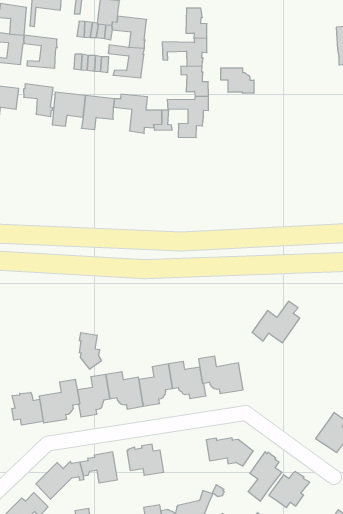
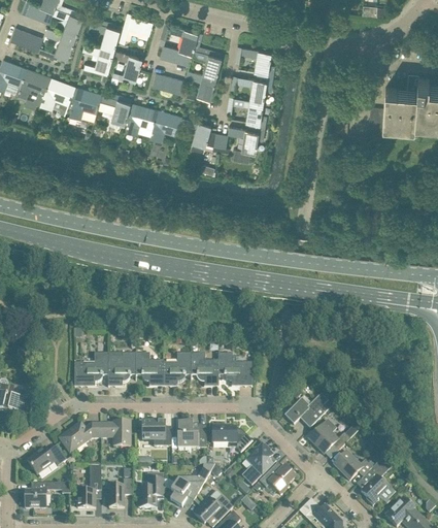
building: [221,68,254,93] -> none
building: [252,301,300,343] -> [284,394,328,429]
building: [79,333,101,369] -> none
building: [12,392,43,425] -> none
building: none -> [177,421,206,449]

